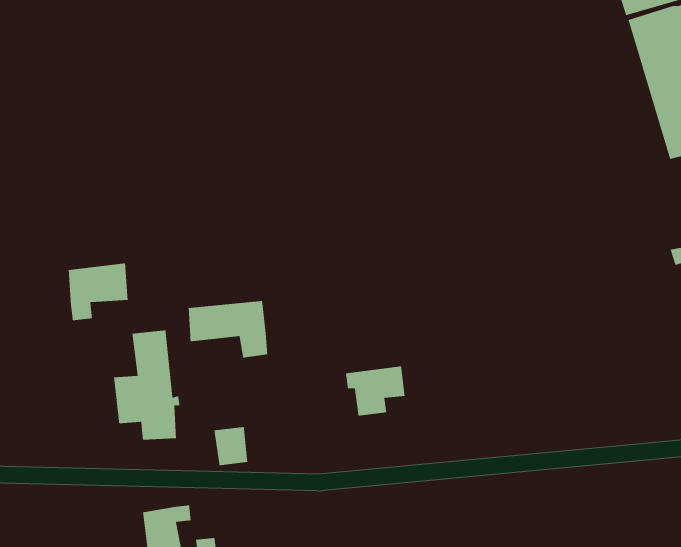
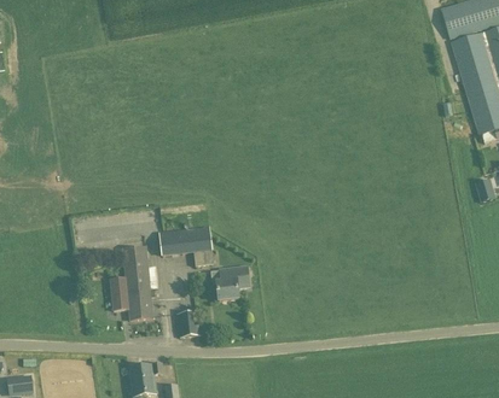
building: [68,263,129,321] -> none
building: [345,366,405,417] -> [209,267,249,300]

